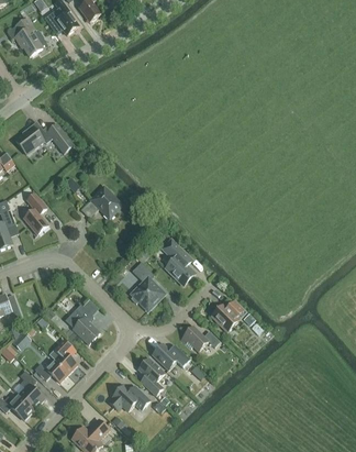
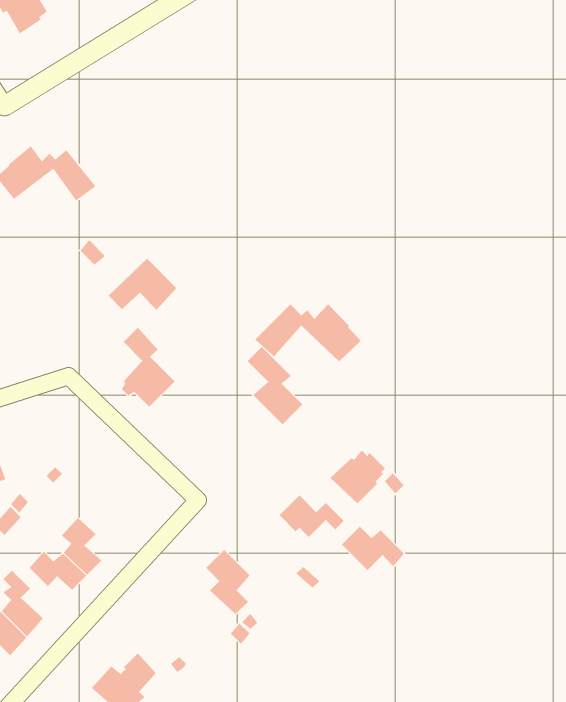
building: [23,192,47,234] -> none
building: none -> [254,303,362,362]
building: [131,262,163,309] -> [121,327,175,408]
building: [70,304,99,343] -> none
building: [152,343,189,370] -> [341,526,405,571]
building: [109,385,149,410] -> none

